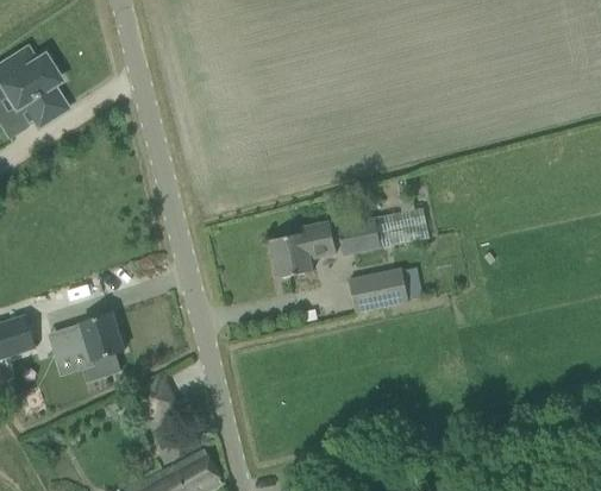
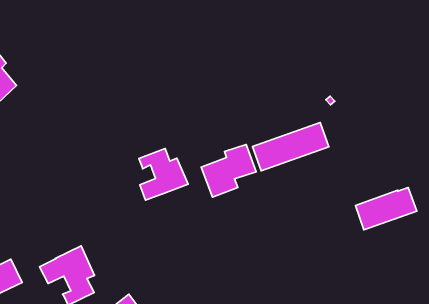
building: none -> [139,149,188,200]
building: [349,269,421,311] -> [355,188,417,230]

